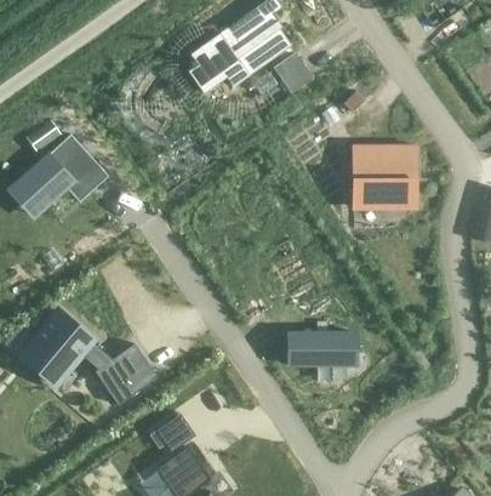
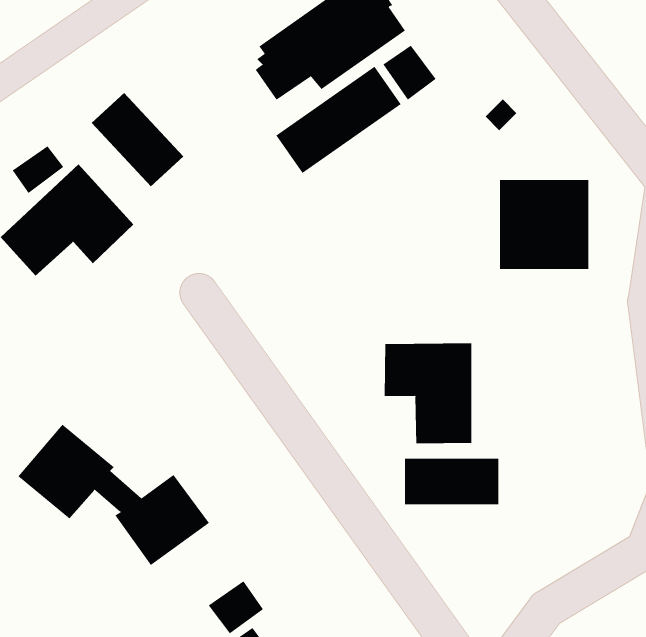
building: none -> [276,66,401,174]
building: none -> [91,92,184,187]
building: none -> [384,343,472,444]

